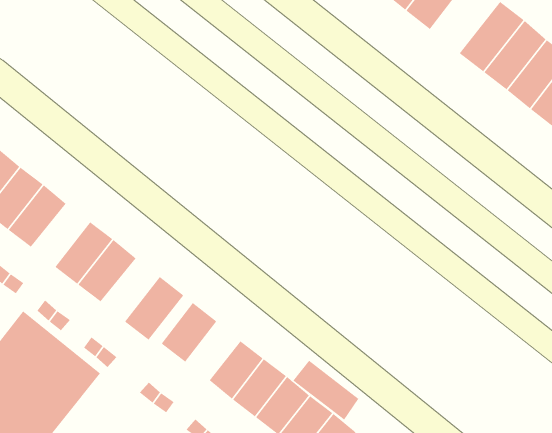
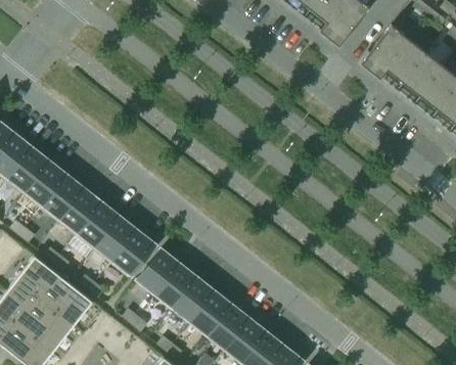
building: none -> [41,175,85,222]
building: none -> [93,216,137,263]
building: none -> [156,263,197,307]
building: [292,360,359,421] -> none

